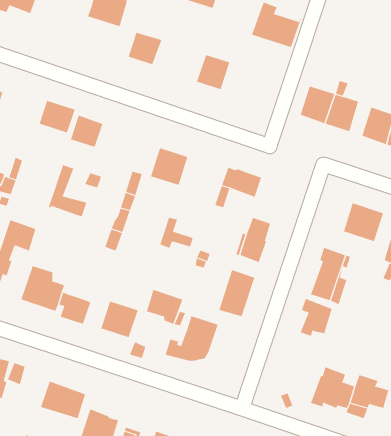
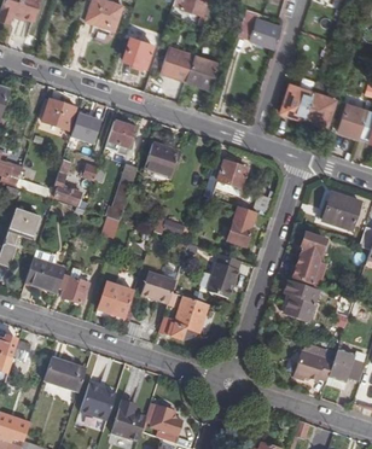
building: none -> [161,45,196,81]
building: none -> [105,119,135,150]

